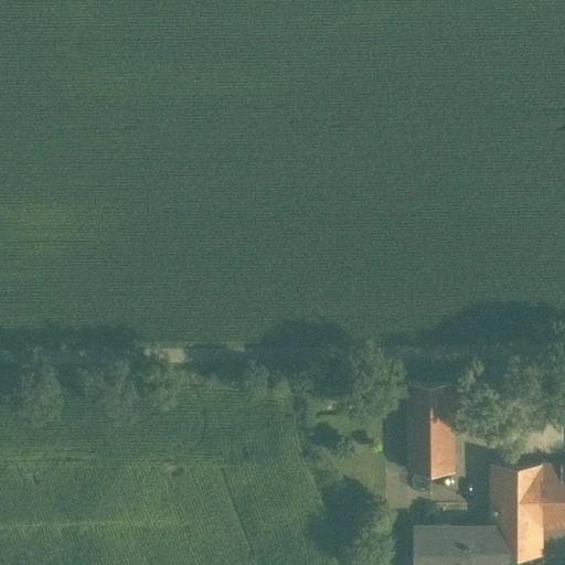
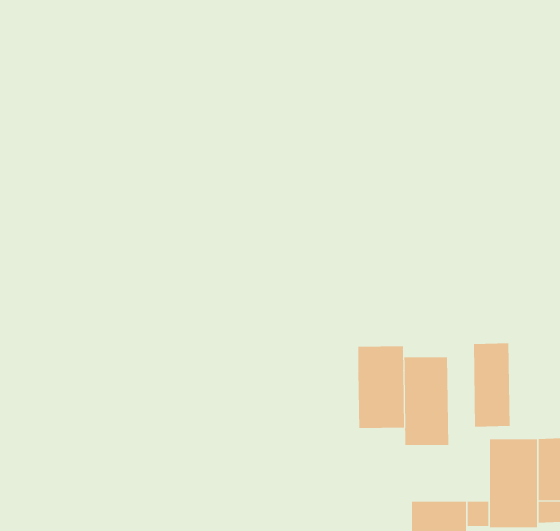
building: none -> [473,343,510,428]
building: none -> [358,346,404,429]

